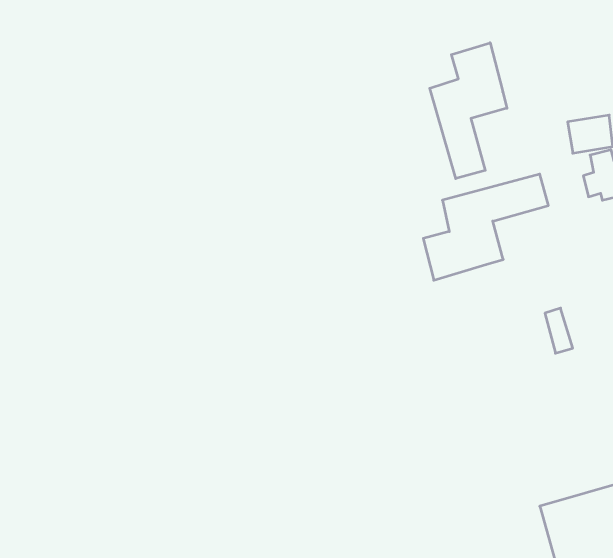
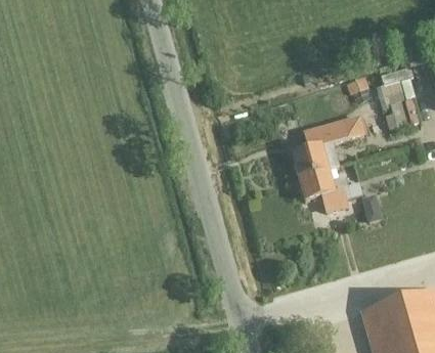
building: [430,43,507,179] -> none
building: none -> [298,168,362,212]

